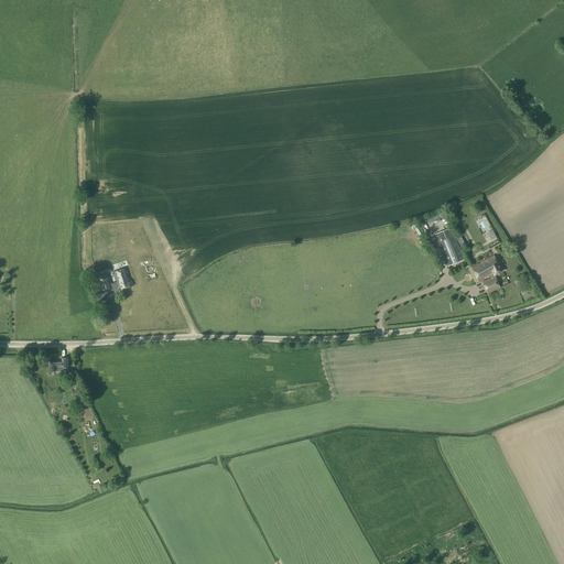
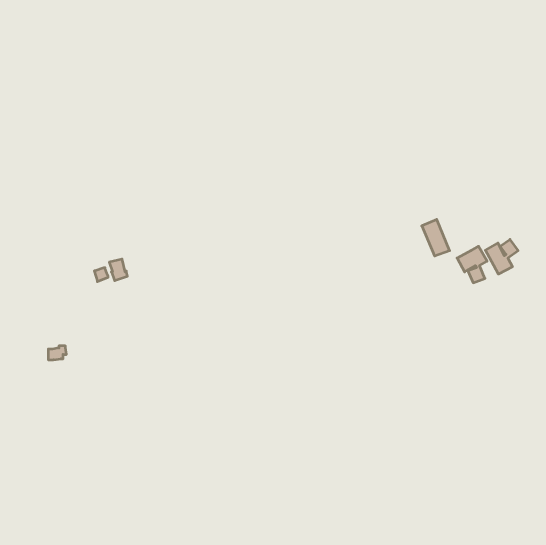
building: none -> [485,239,518,274]

